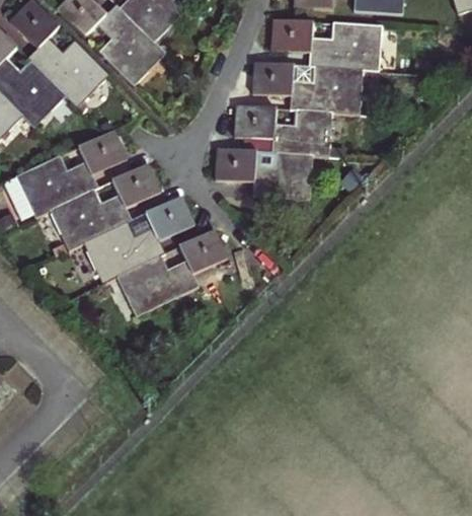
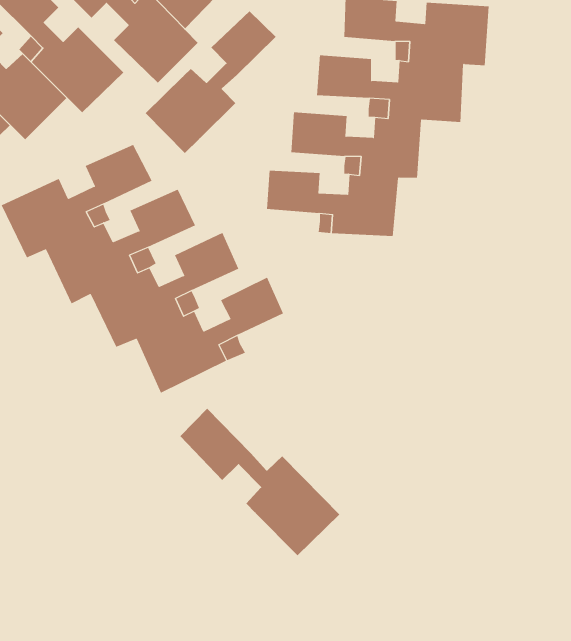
building: none -> [145,11,277,154]
building: none -> [180,408,340,556]

